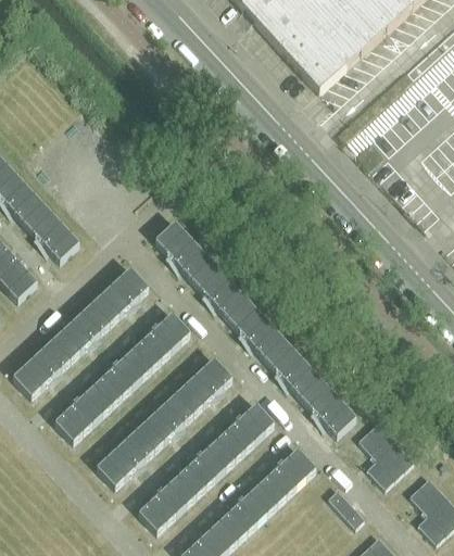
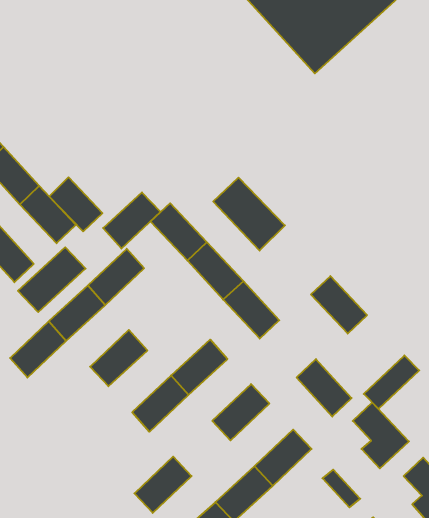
building: none -> [49,177,102,231]
building: none -> [213,178,285,251]
building: none -> [18,247,86,312]
building: [133,312,190,368] -> [103,192,160,249]
building: [264,338,320,395] -> [311,276,367,334]
building: none -> [364,355,419,409]
building: [54,384,112,441] -> none
building: [97,430,153,485] -> none
building: [177,439,235,494] -> none

